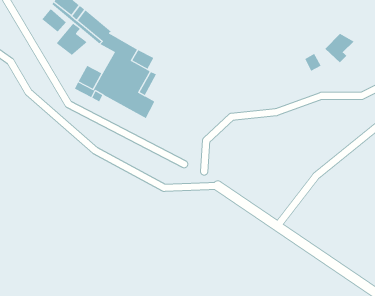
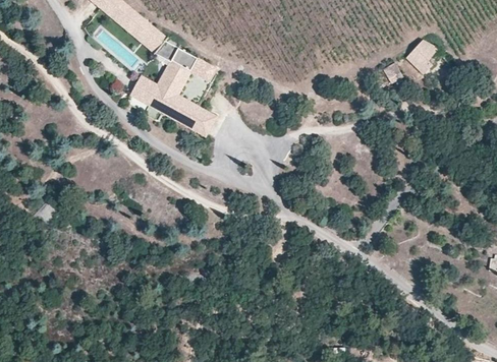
building: [42,8,67,32] -> none
building: [56,23,88,56] -> none

